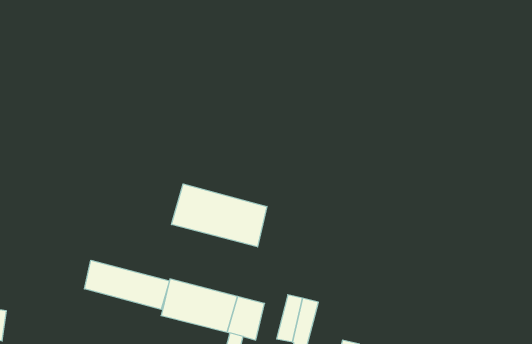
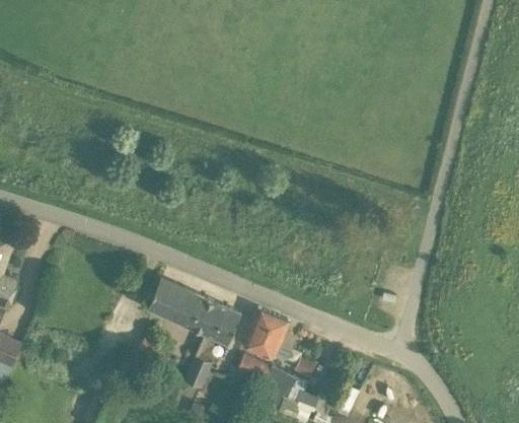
building: [172,184,267,247] -> none
building: [84,260,169,309] -> none

